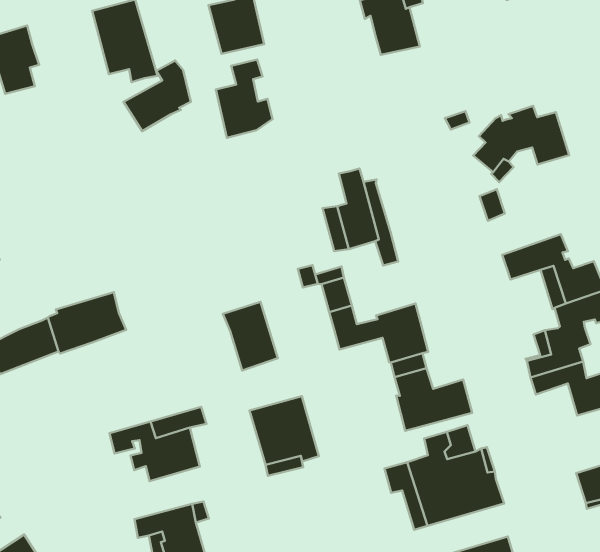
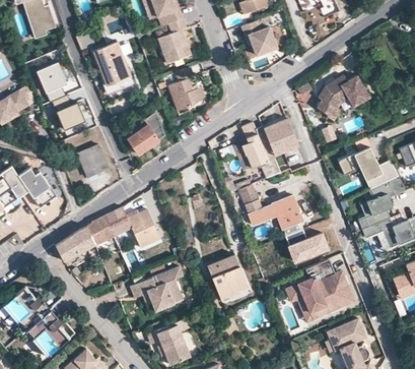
building: [124,60,191,131] -> [128,115,165,157]
building: none -> [52,96,84,129]
building: none -> [263,119,299,156]
building: none -> [77,145,108,177]
building: [223,302,278,370] -> [127,208,160,248]

